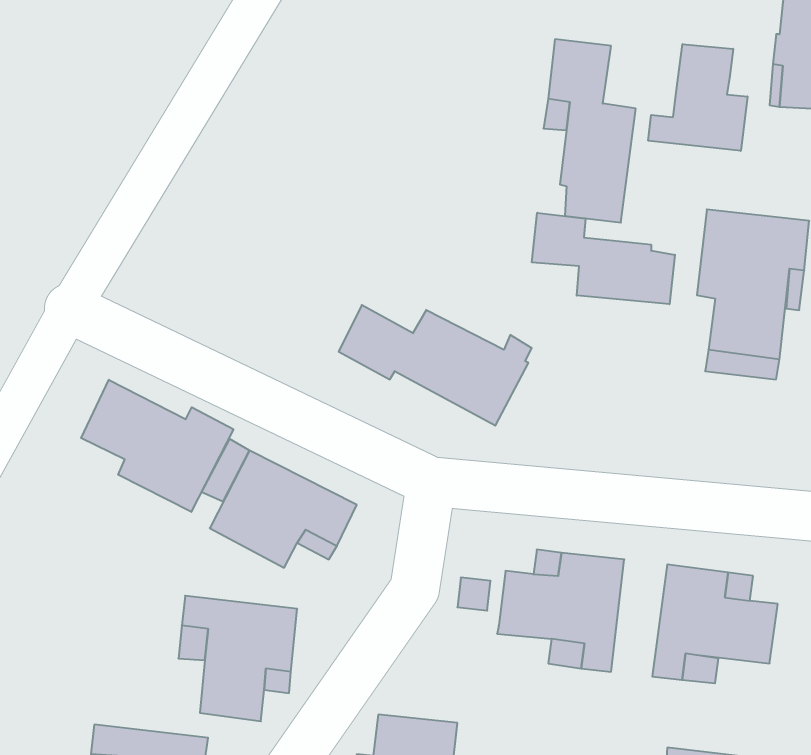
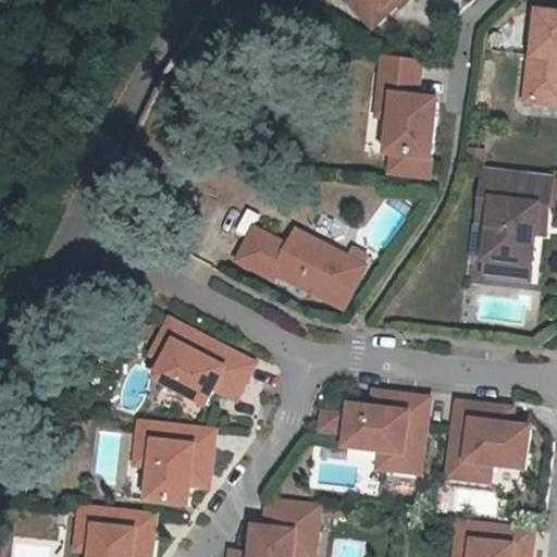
building: [648,44,747,151] -> none
building: [532,213,675,304] -> none
building: [81,380,233,512] -> none

